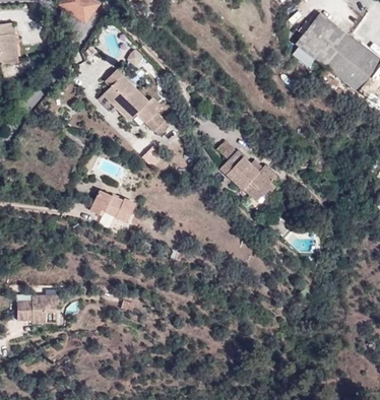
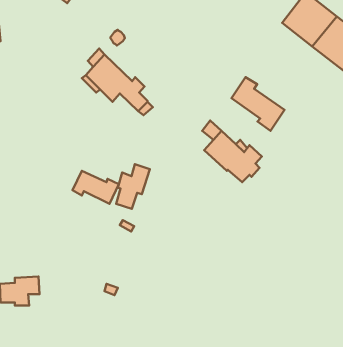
building: none -> [232,77,284,131]
building: none -> [116,164,150,209]

